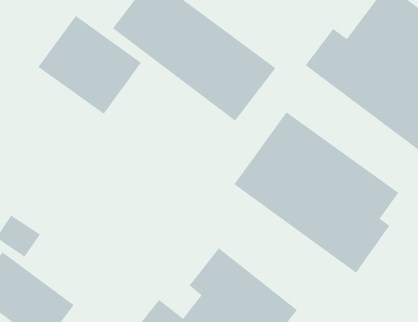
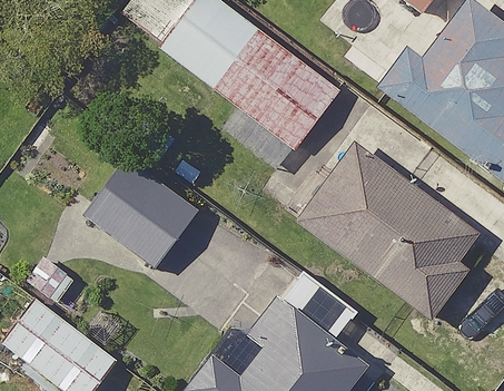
building: [38,15,142,115] -> [83,156,200,267]

